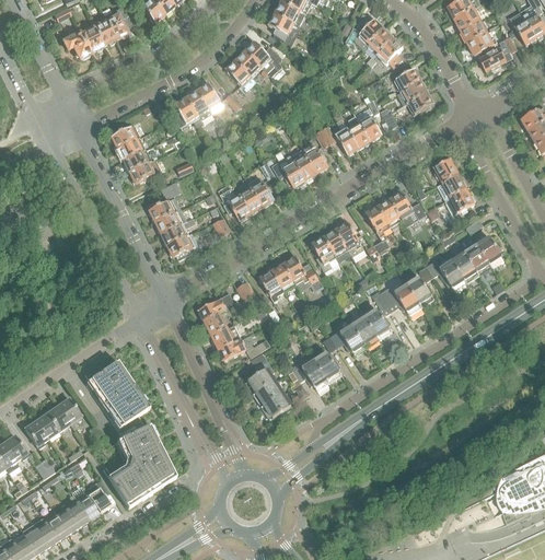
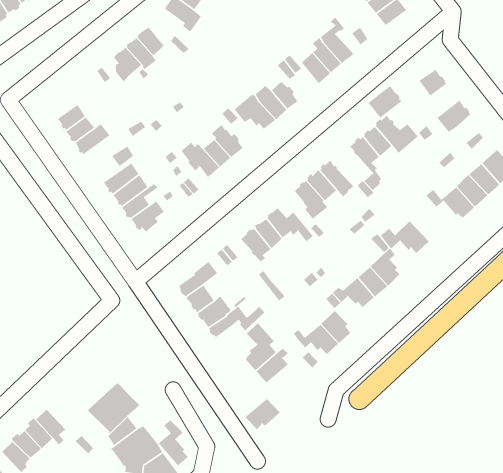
building: [111,122,139,148] -> none
building: [436,172,466,199] -> [367,85,403,119]
building: [406,265,433,305] -> none
building: [83,358,132,402] -> none
building: [260,392,292,418] -> [244,398,281,430]
building: none -> [158,419,189,467]

